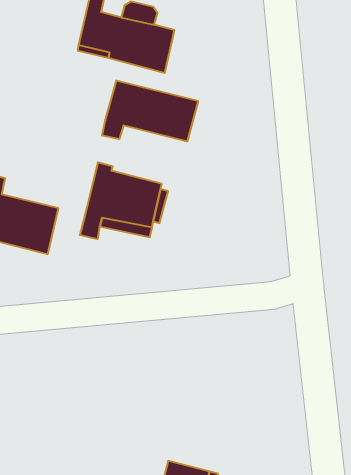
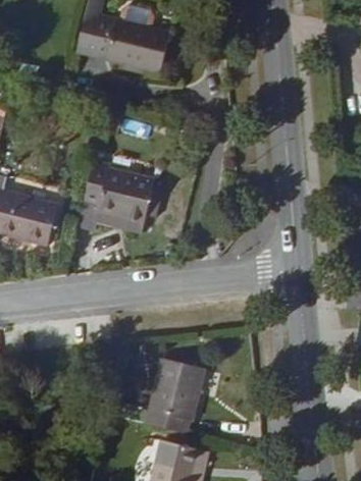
building: [102,80,198,142] -> none
building: none -> [150,360,205,434]

